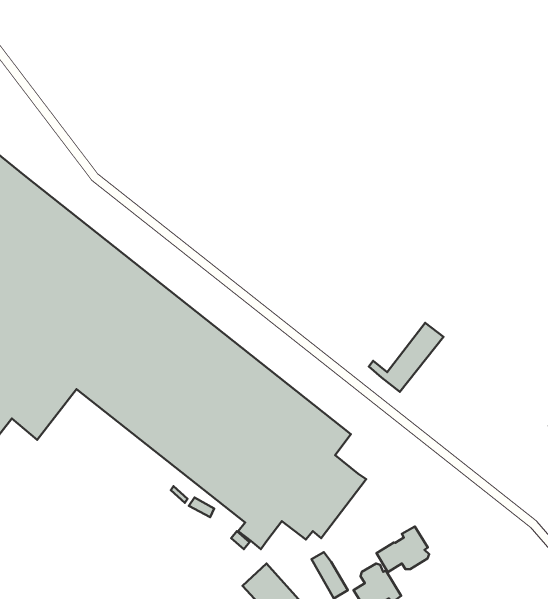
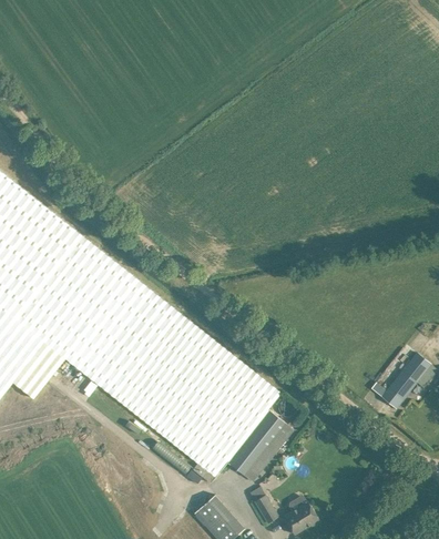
building: [369,323,443,392] -> [371,352,430,406]
building: [377,527,429,572] -> none

